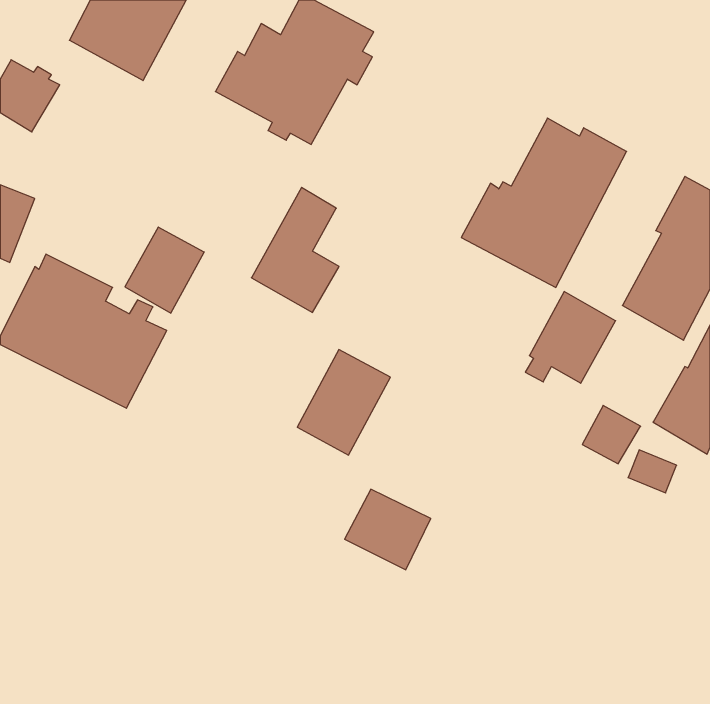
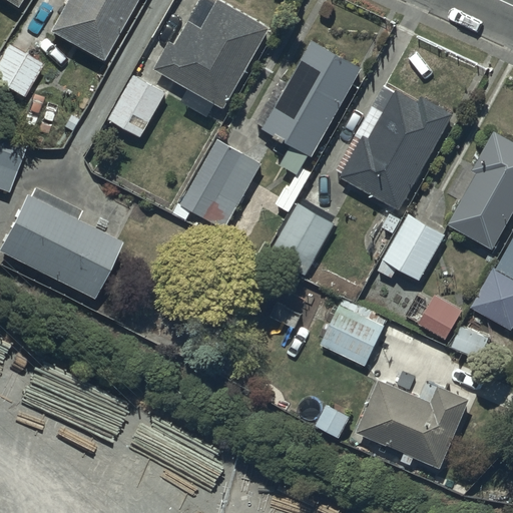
building: none -> [258,39,362,156]
building: [125,227,204,313] -> [109,75,166,137]
building: [297,350,390,455] -> [267,204,334,281]
building: [345,489,431,570] -> [321,308,383,366]
building: none -> [358,381,468,468]

